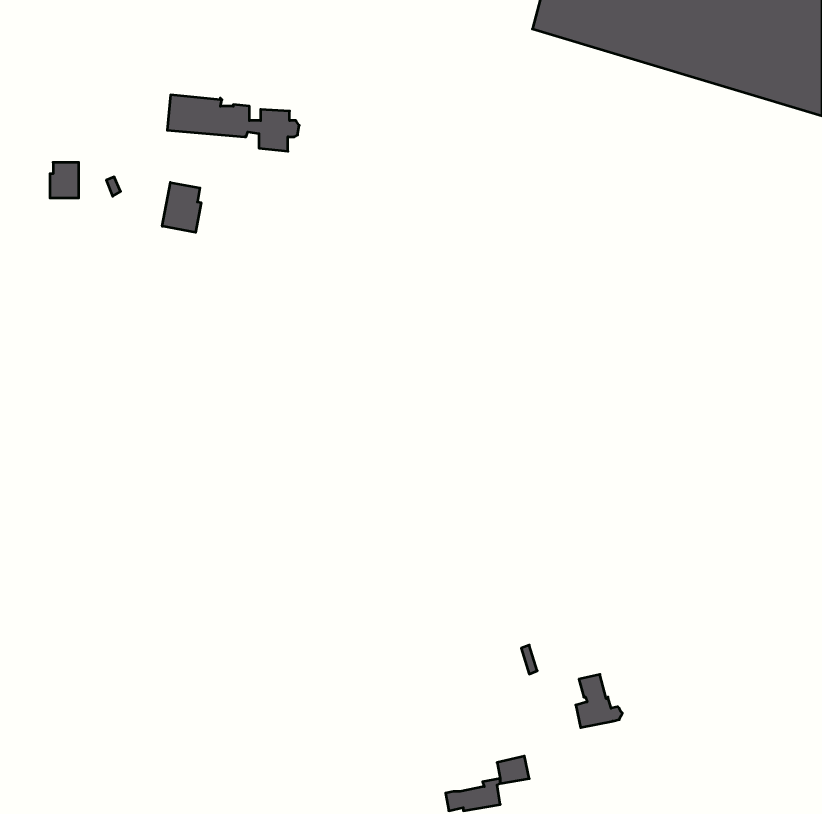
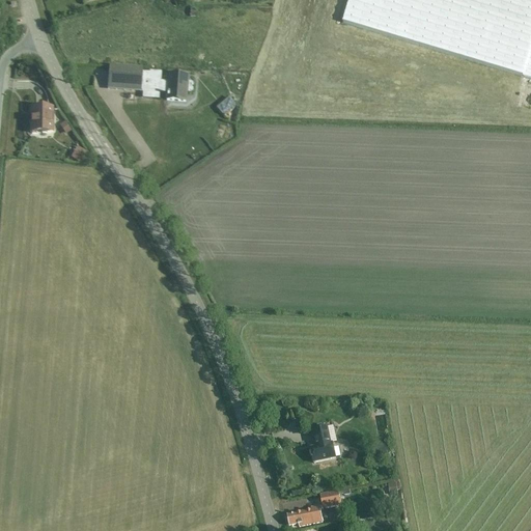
building: [162,182,201,232] -> none
building: [576,674,622,728] -> [311,424,341,458]

